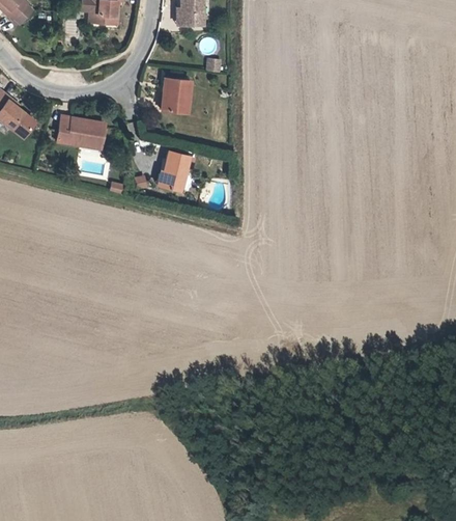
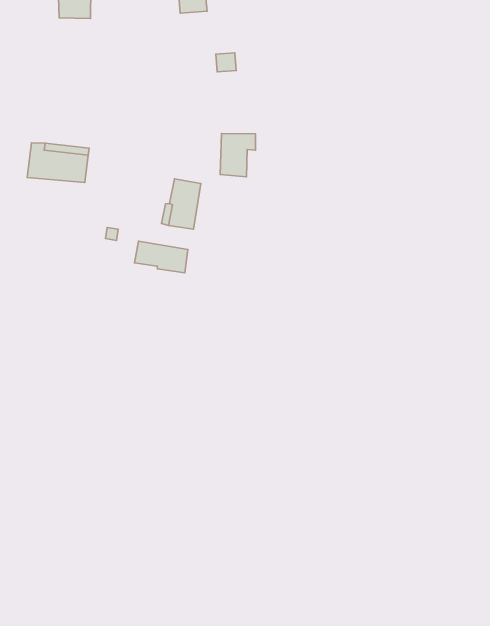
building: [162,78,191,112] -> [220,134,256,177]
building: none -> [134,241,188,273]

